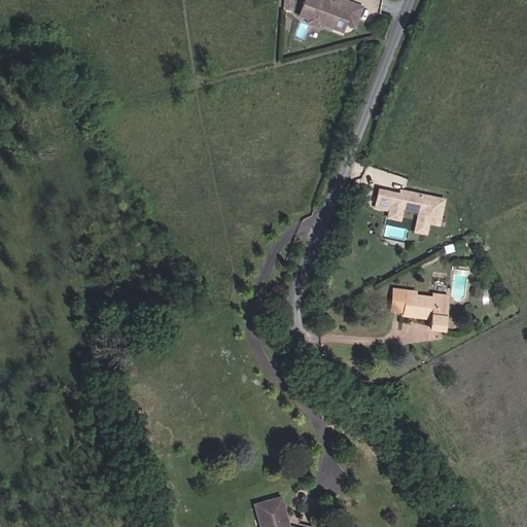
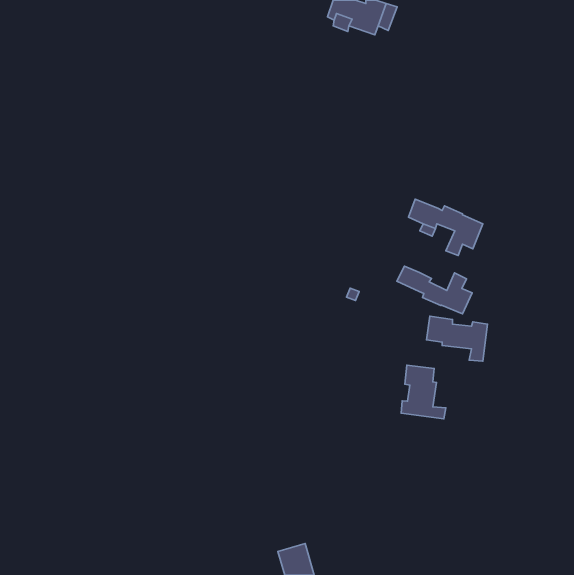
building: none -> [397,266,472,314]
building: none -> [401,365,446,419]

